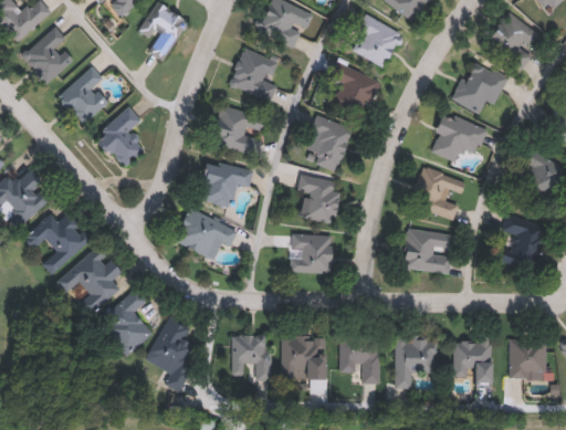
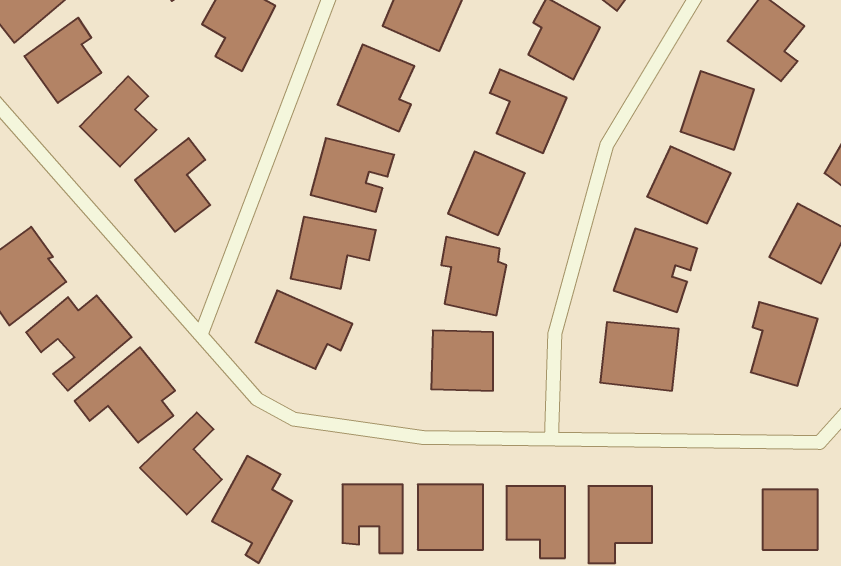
building: [454,337,492,384] -> none

